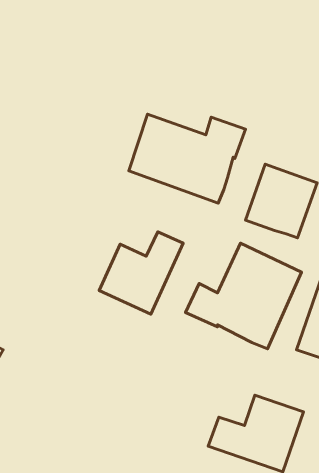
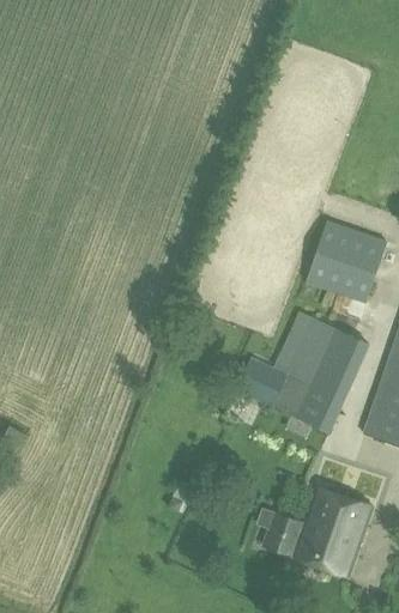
building: [129,114,245,203] -> none
building: [99,232,183,314] -> none

